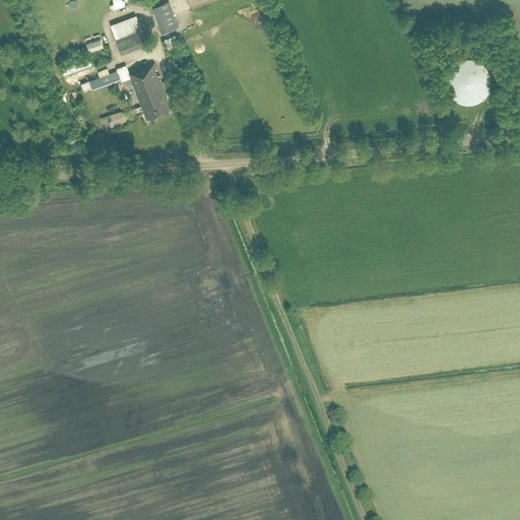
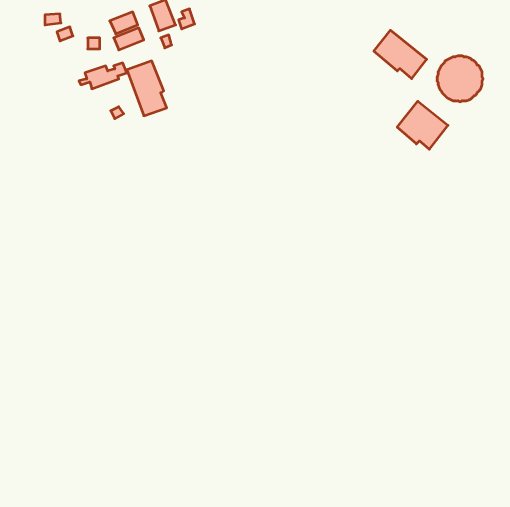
building: none -> [374,30,427,79]
building: none -> [397,101,448,149]

